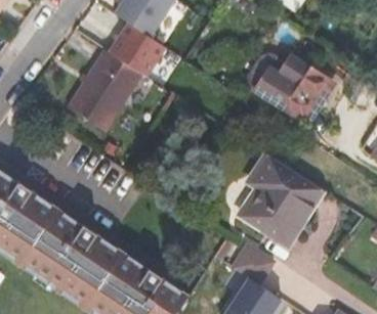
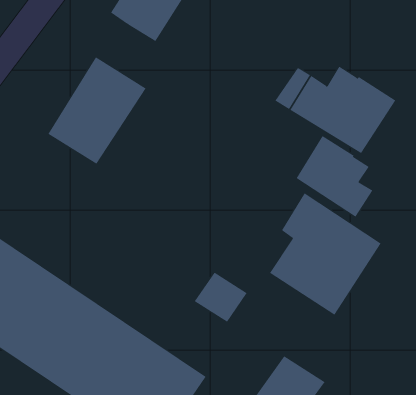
building: [110,24,166,75] -> none
building: none -> [296,135,373,217]
building: [231,243,271,282] -> [194,272,247,323]

